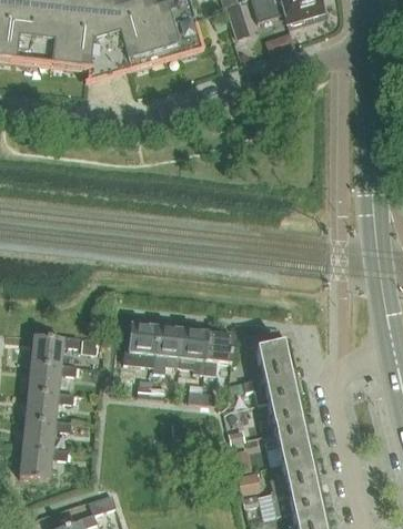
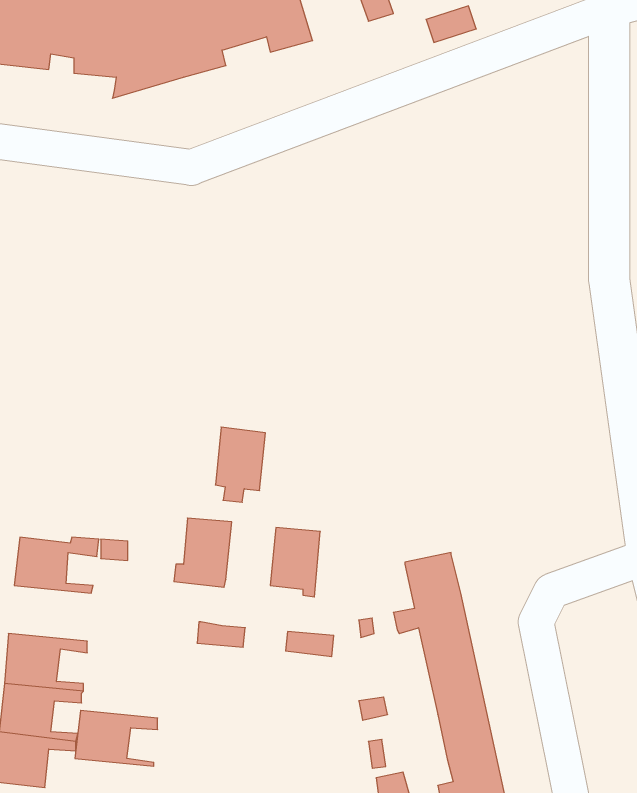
building: [154,326,183,369] -> [215,427,265,502]
building: [205,332,234,372] -> none
building: [29,363,77,395] -> [75,710,158,766]

